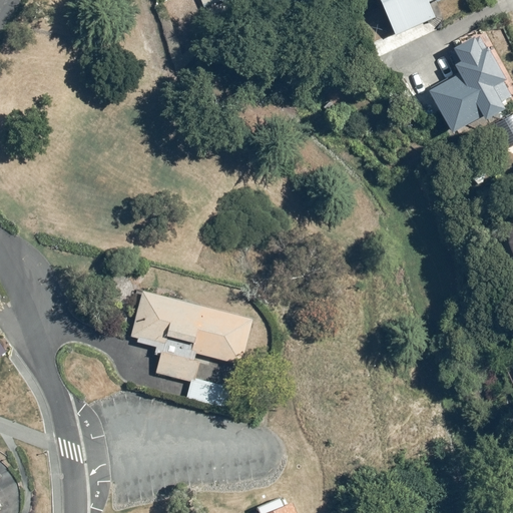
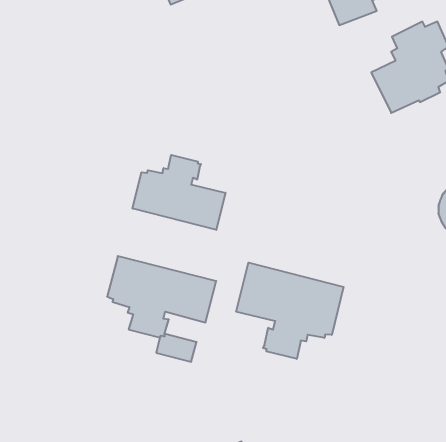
building: none -> [133,155,225,230]
building: none -> [236,263,344,359]

